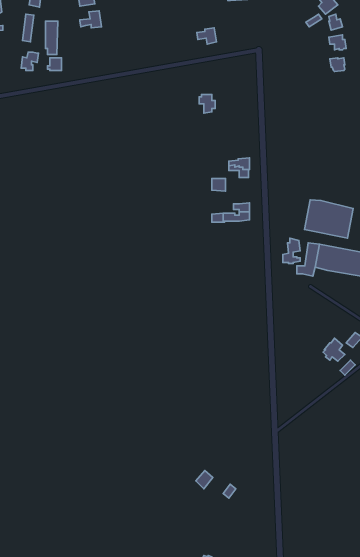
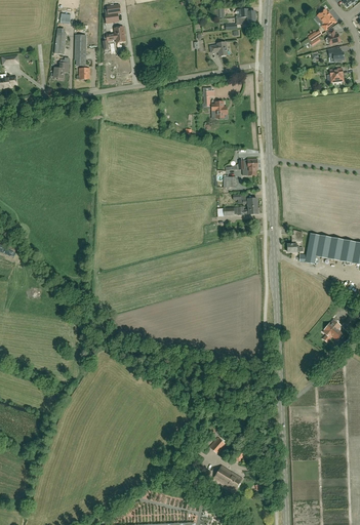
building: [304,200,353,238] -> none
building: none -> [213,466,242,491]

